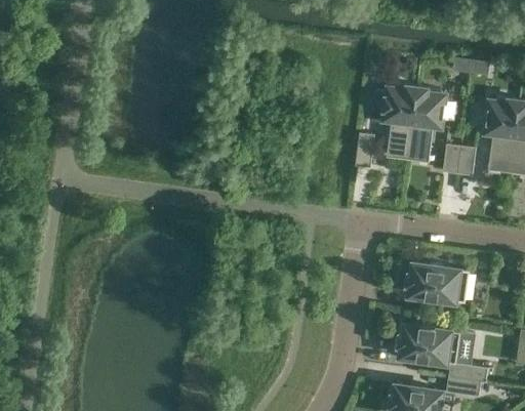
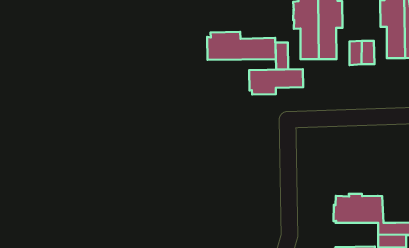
building: none -> [207,32,276,60]
building: none -> [249,69,303,95]
building: [406,263,469,302] -> none

